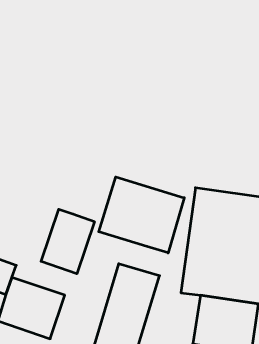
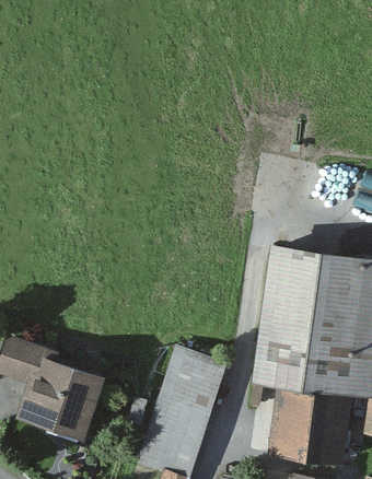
building: [99,177,184,253] -> none
building: [41,209,94,274] -> none

